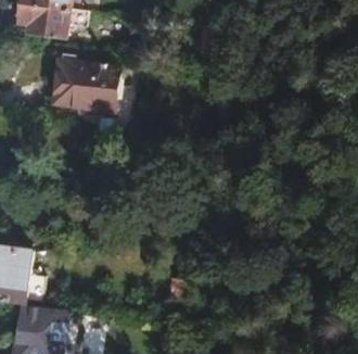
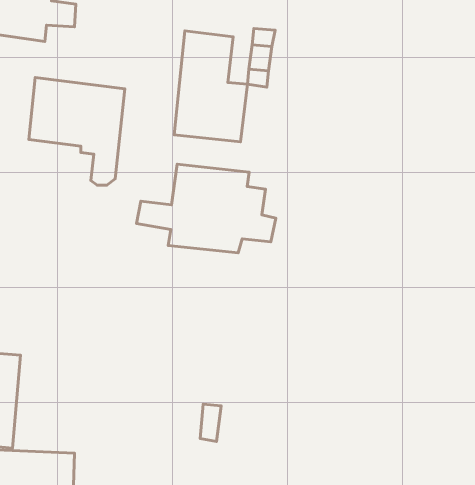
building: none -> [174,31,247,142]
building: none -> [136,164,276,253]

